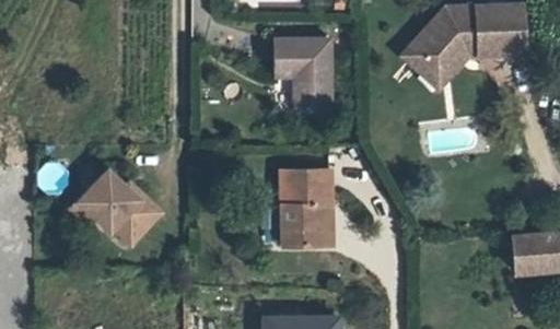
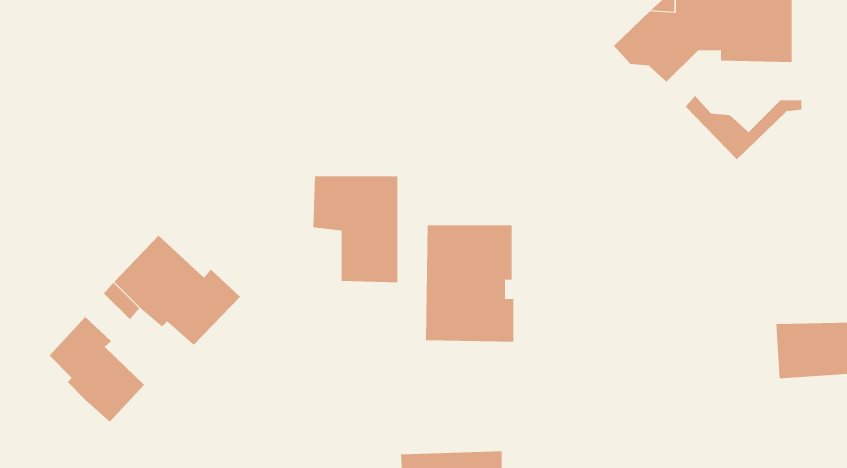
building: [272,38,328,108] -> [312,176,398,283]
building: [397,49,474,92] -> [685,95,802,160]
building: none -> [49,316,145,423]

